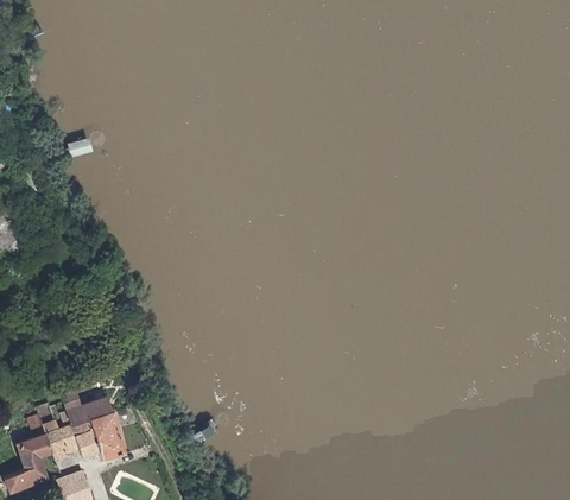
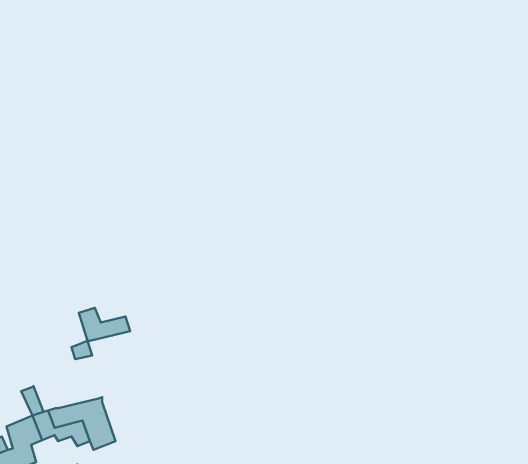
building: [58,392,108,424] -> [79,308,130,341]

